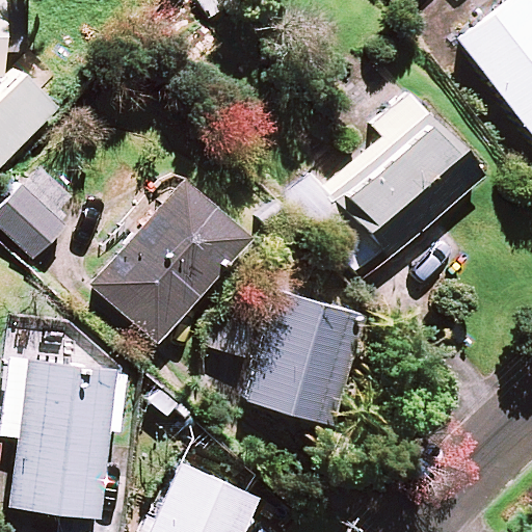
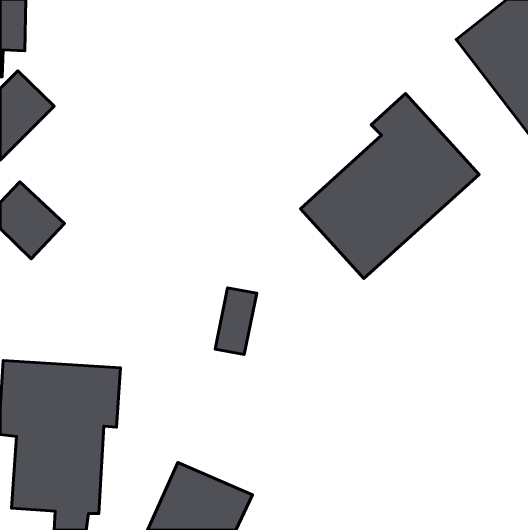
building: [91,180,248,342] -> none
building: [246,291,362,423] -> none

